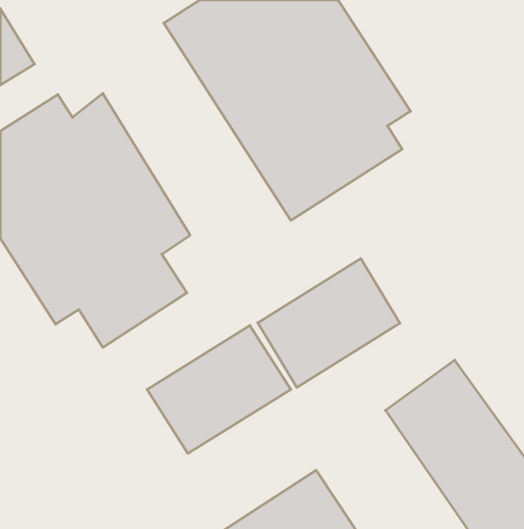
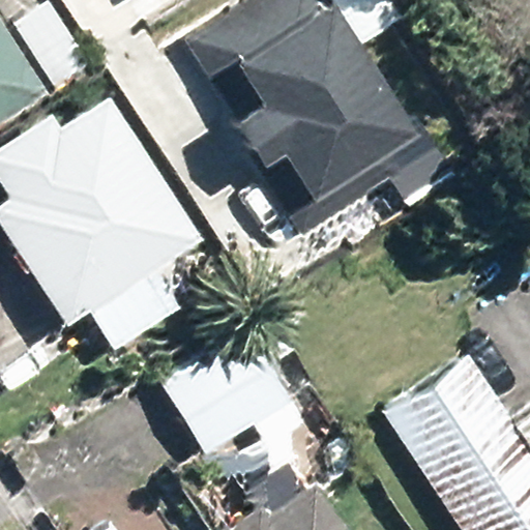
building: [258,259,400,387] -> none

